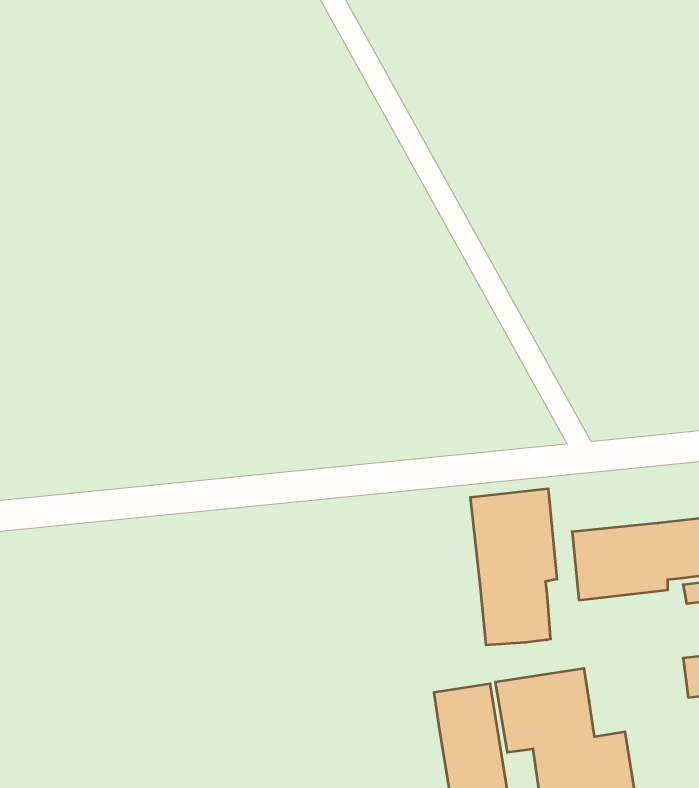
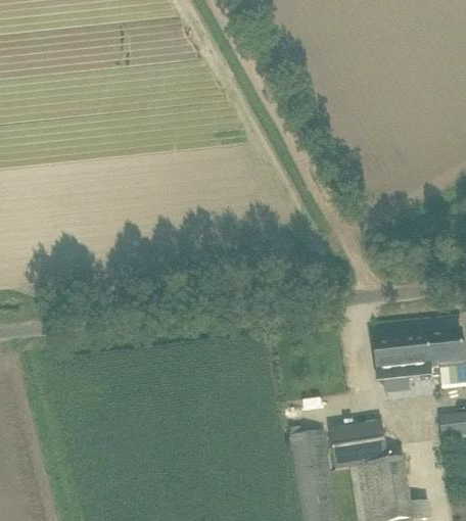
building: [470,489,557,645] -> none

